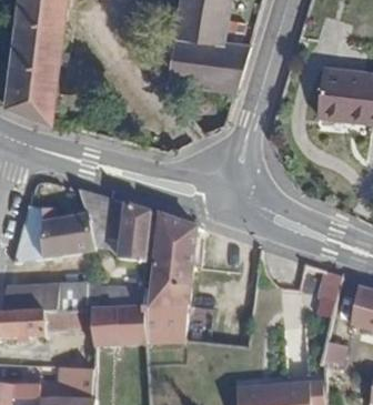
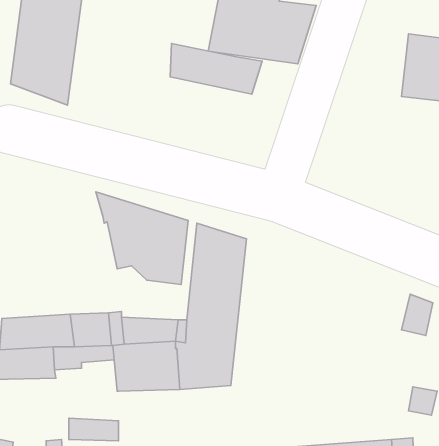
building: none -> [170,44,262,94]
building: [12,205,94,263] -> none

